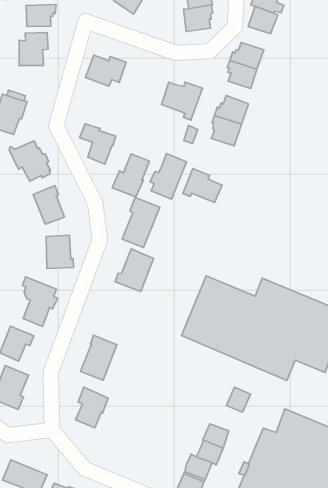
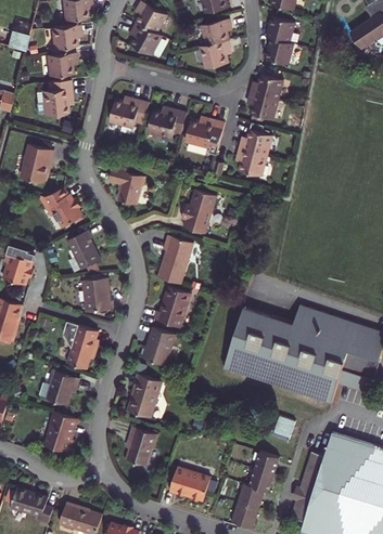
building: none -> [146,108,186,138]
building: [112,154,149,197] -> none
building: [183,168,222,202] -> none
building: none -> [139,327,175,365]
building: none -> [168,467,209,500]

